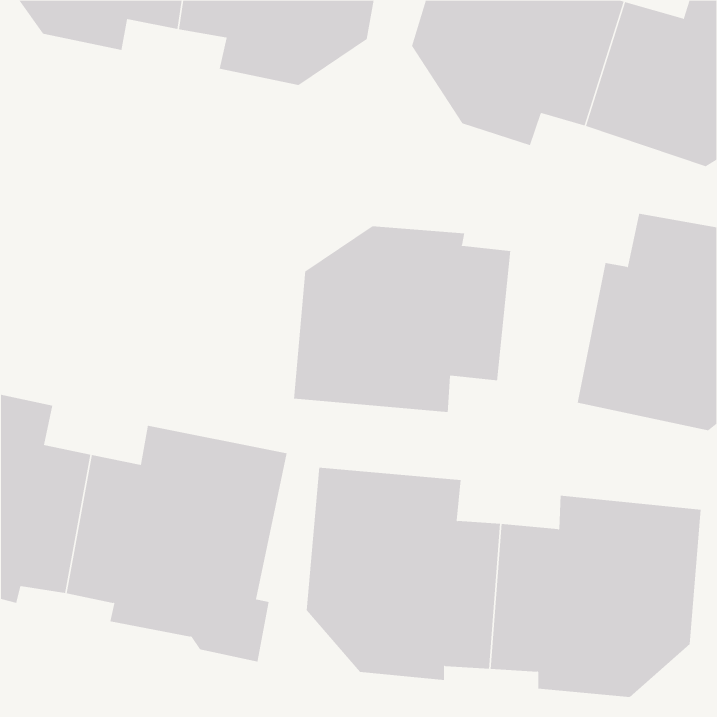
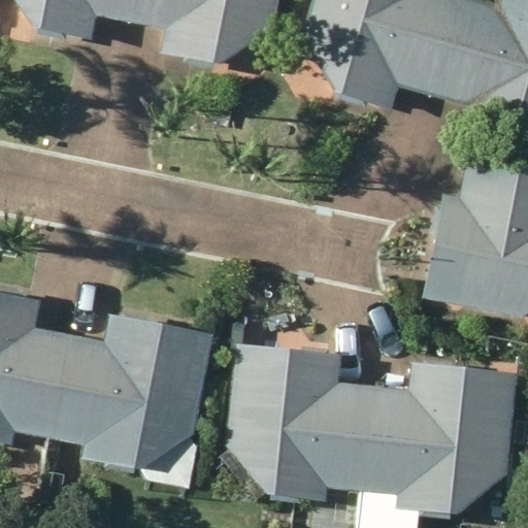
building: [293,226,511,413] -> none

